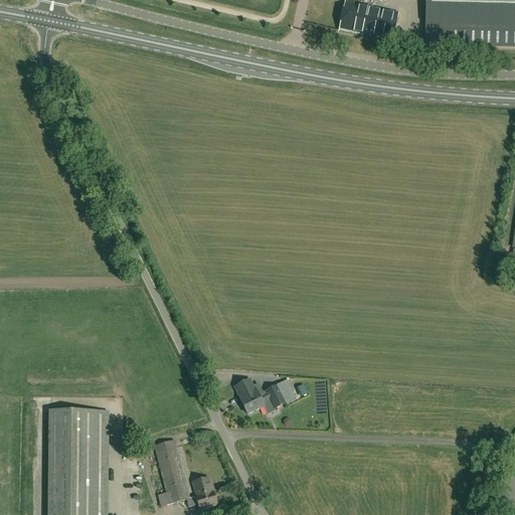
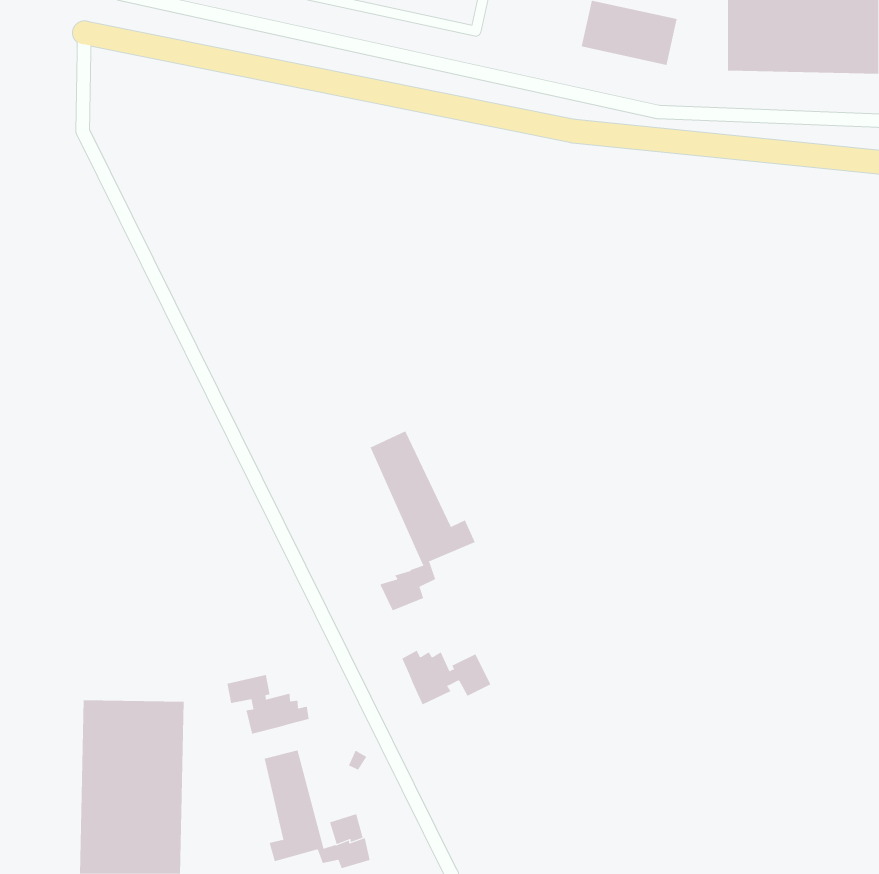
building: none -> [370,431,475,611]
building: none -> [227,674,309,735]

